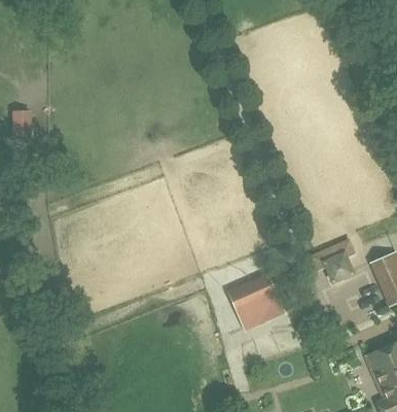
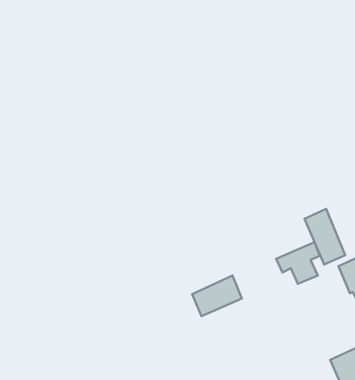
building: none -> [304,209,345,265]
building: [237,297,285,332] -> none

